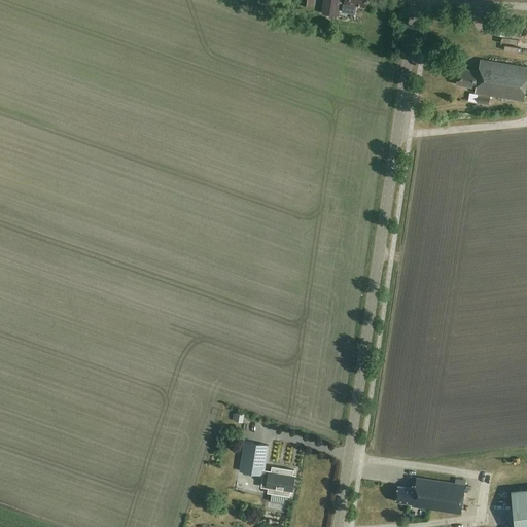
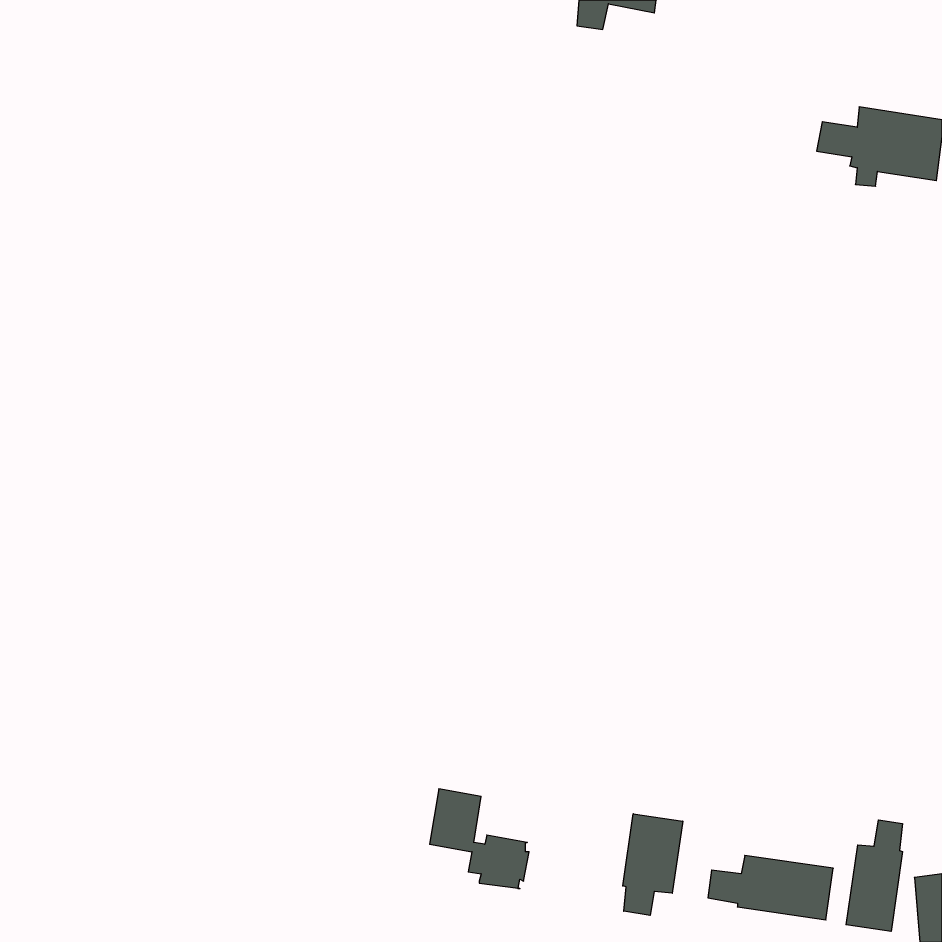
building: none -> [623,814,683,915]
building: none -> [846,820,903,931]

